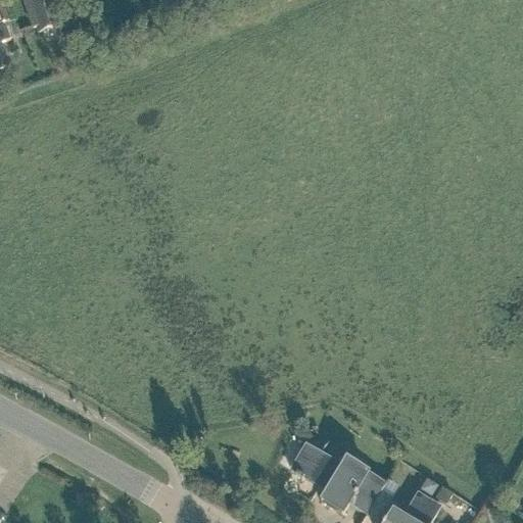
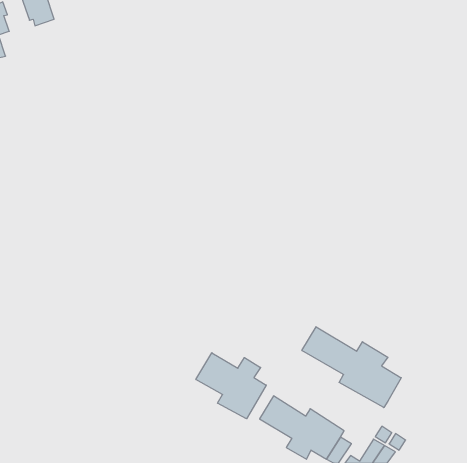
building: none -> [302,327,401,408]
building: none -> [196,353,266,419]

